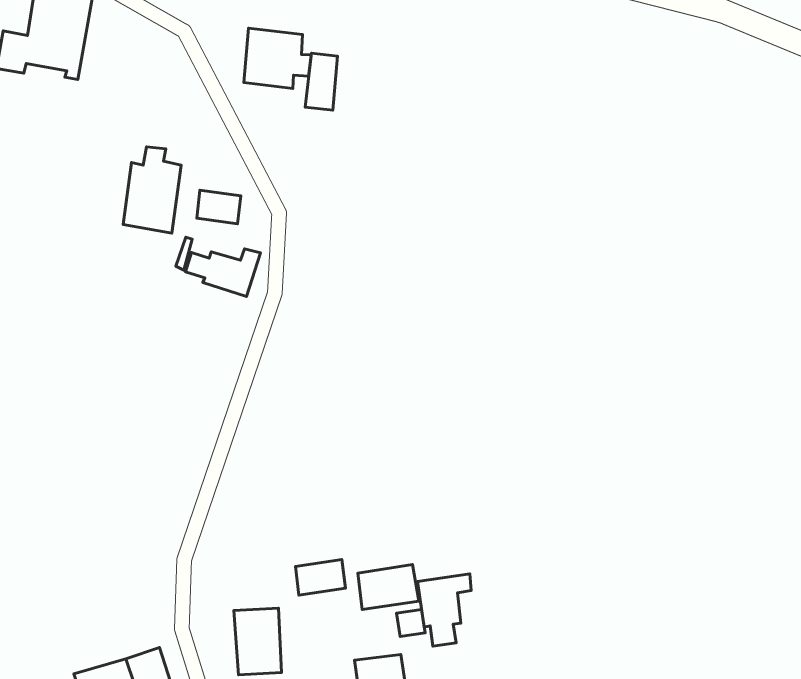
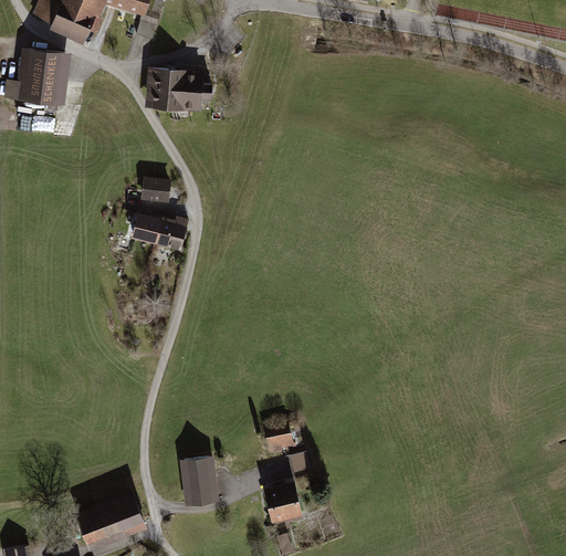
building: [305,53,338,110] -> [149,69,169,106]
building: [123,147,181,233] -> none
building: [295,559,346,595] -> none
building: [417,574,471,646] -> none

